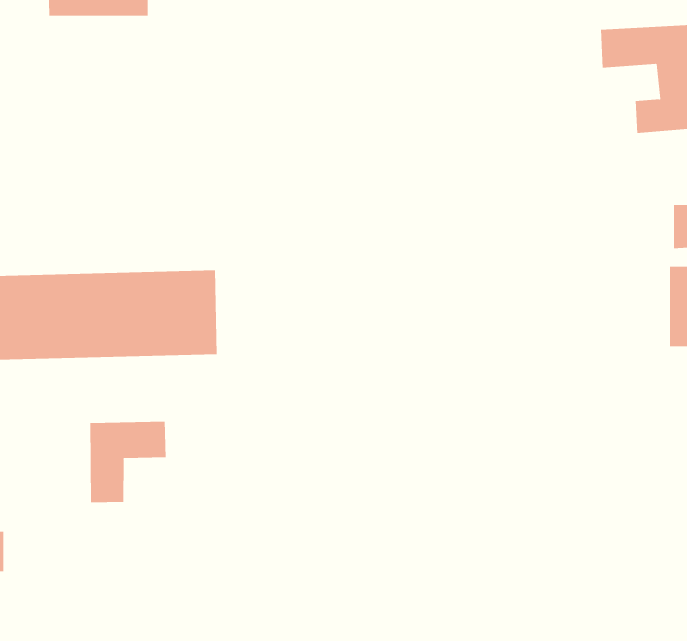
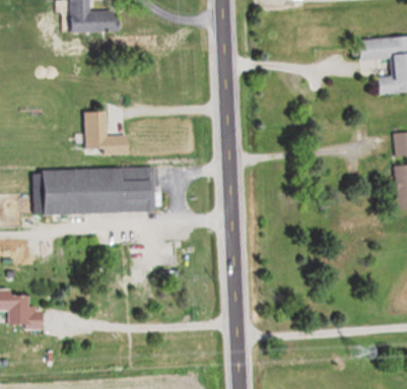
building: none -> [85,111,128,154]
building: [90,421,166,503] -> none

